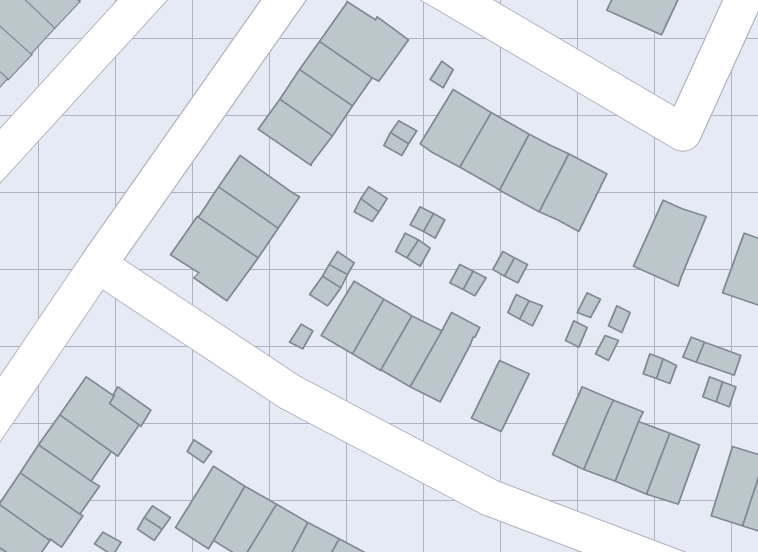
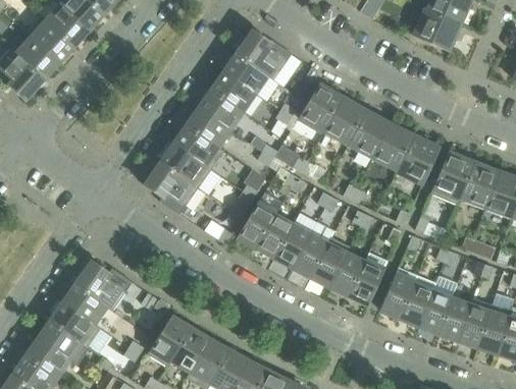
building: none -> [188,108,231,147]
building: none -> [397,135,440,183]
building: none -> [460,162,499,209]
building: none -> [311,236,351,286]
building: none -> [349,252,388,303]
building: none -> [458,297,492,346]

